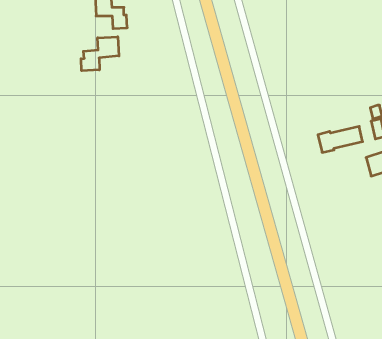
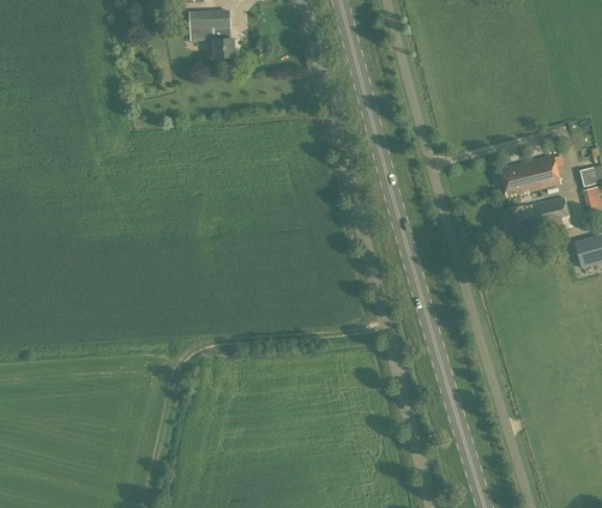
building: [81,37,119,71] -> none
building: none -> [499,153,561,195]

